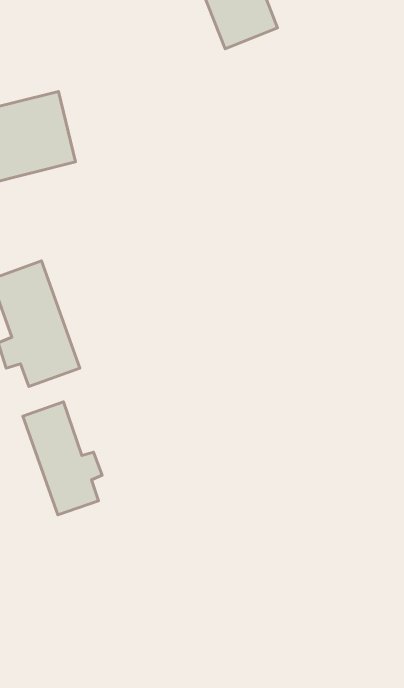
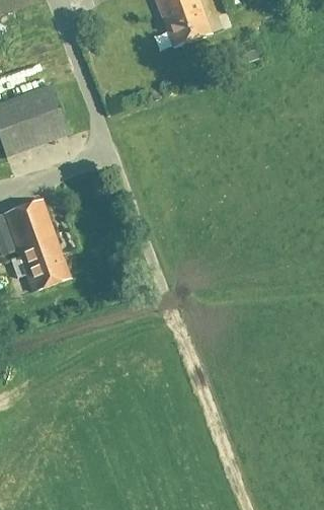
building: [23,402,102,515] -> none

